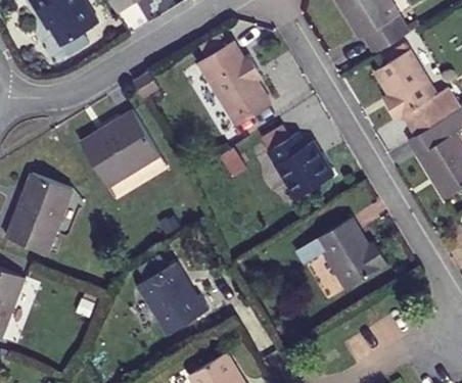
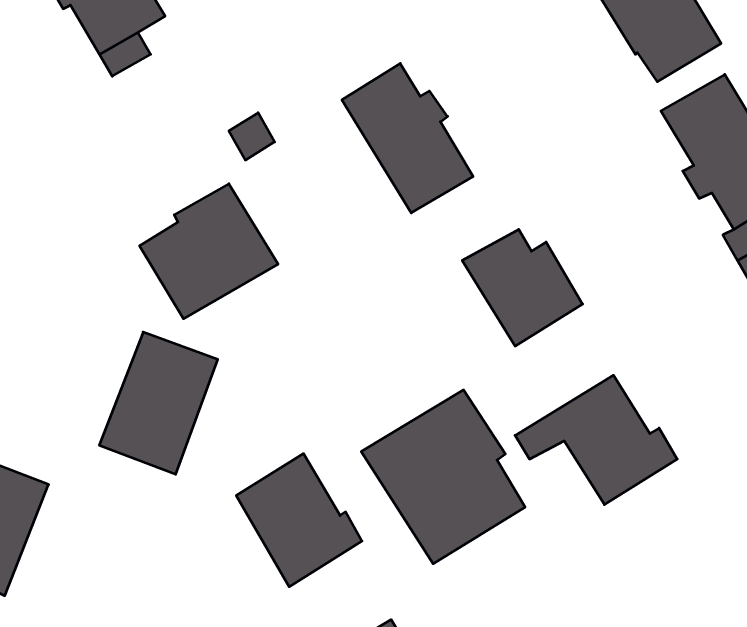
building: [12,171,79,250] -> [99,332,218,474]
building: none -> [361,390,525,564]

